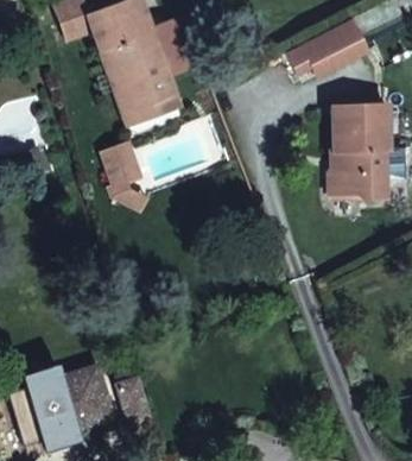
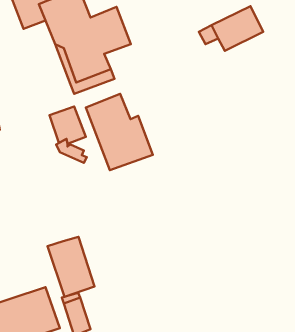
building: [330,103,388,200] -> none
building: none -> [86,94,153,170]
building: none -> [47,237,95,297]

